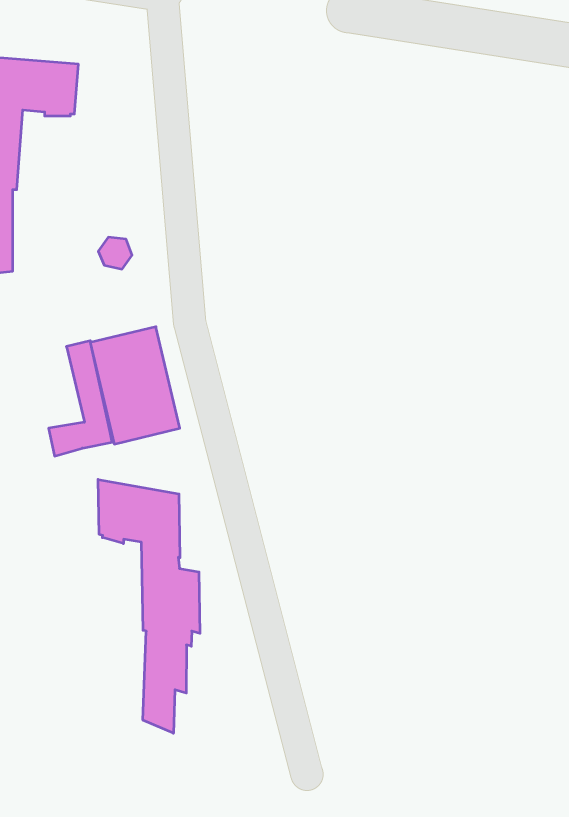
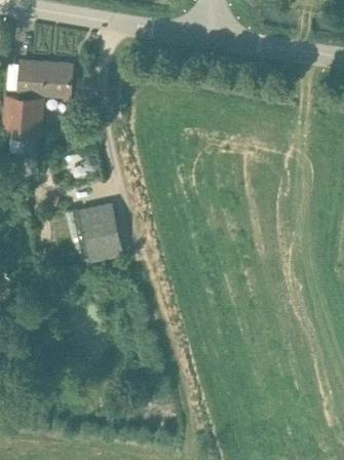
building: [98,479,200,733] -> none

